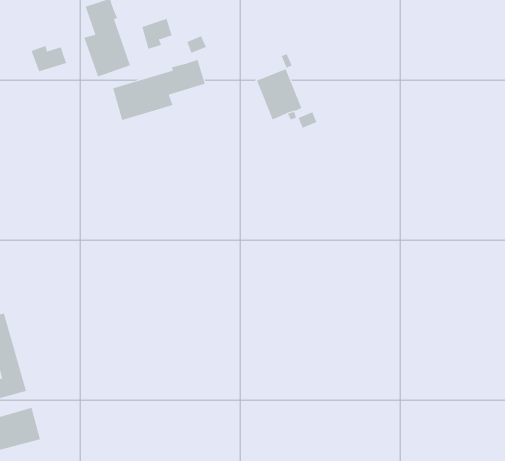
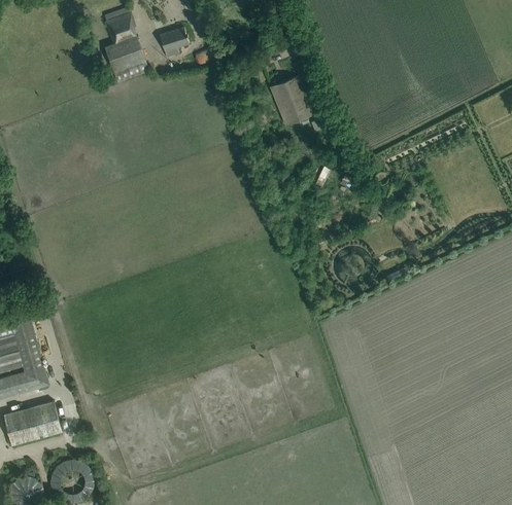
building: [31,45,67,72] -> none
building: [113,59,206,121] -> none

